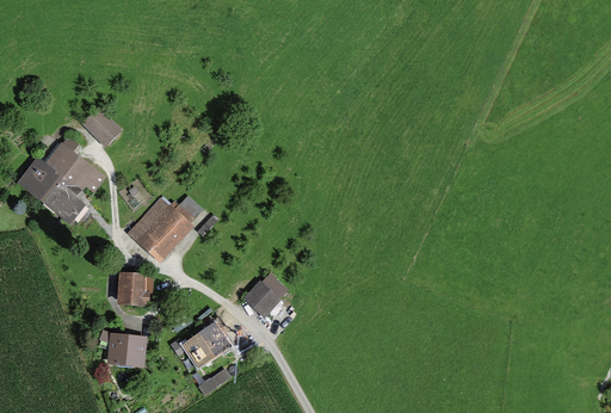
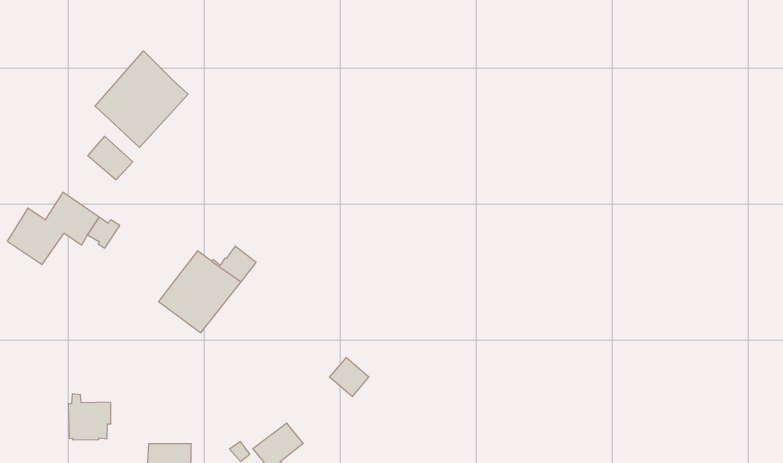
building: none -> [95,51,188,148]
building: [47,178,84,218] -> none
building: [119,269,152,303] -> [68,394,111,440]

